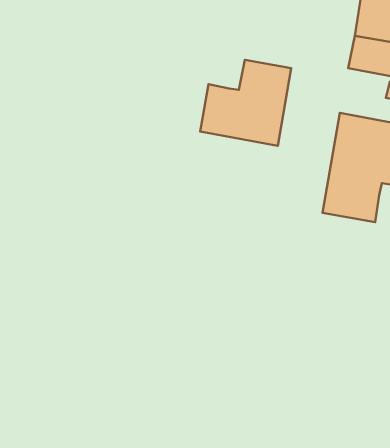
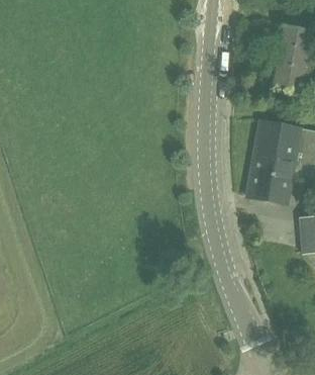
building: [200,60,291,146] -> none

